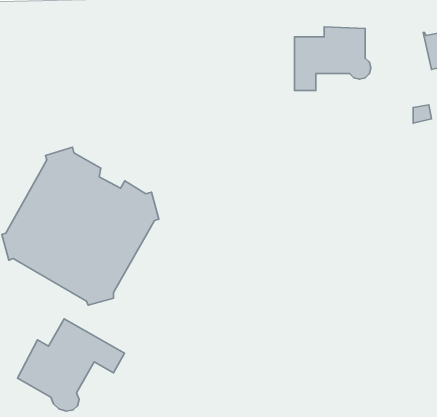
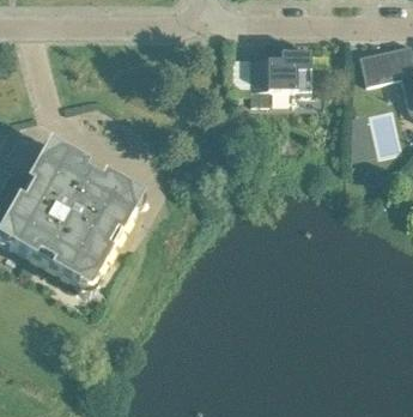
building: [18,319,124,411] -> none

